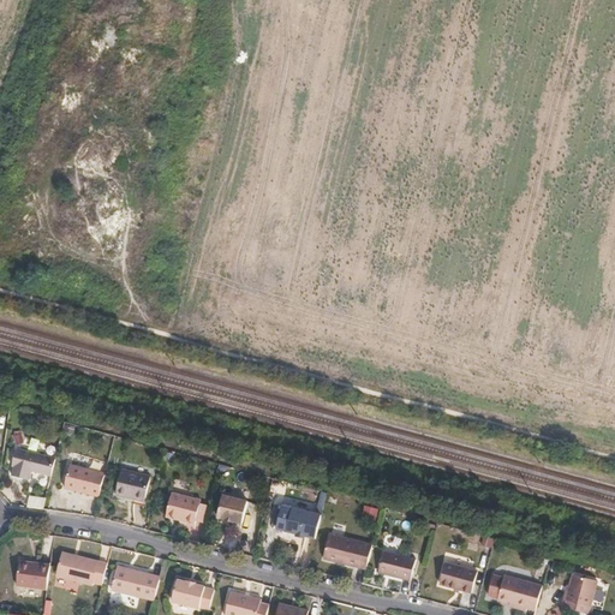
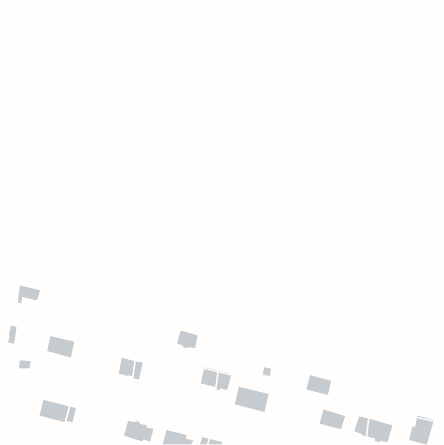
building: [20,449,54,477] -> [17,285,41,305]
building: [114,466,148,498] -> none
building: [217,496,249,523] -> [176,329,199,349]
building: [377,550,414,580] -> [305,374,332,396]
building: [14,559,48,586] -> none
building: [109,567,157,602] -> none

